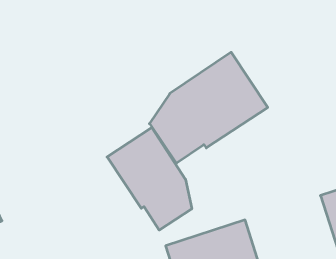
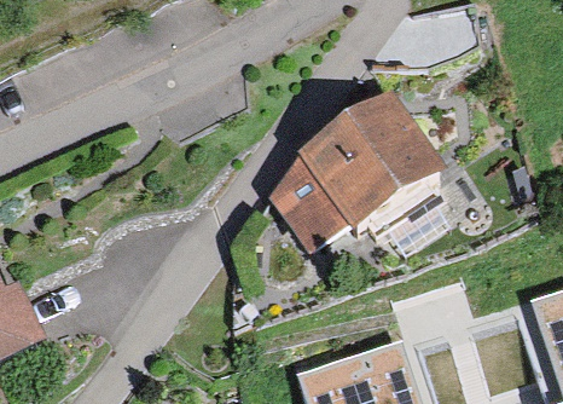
building: [107,127,192,230] -> none

